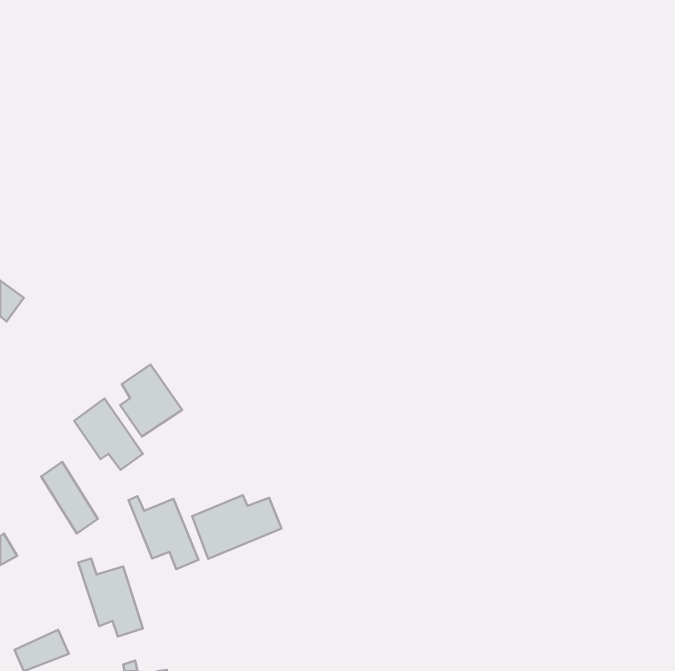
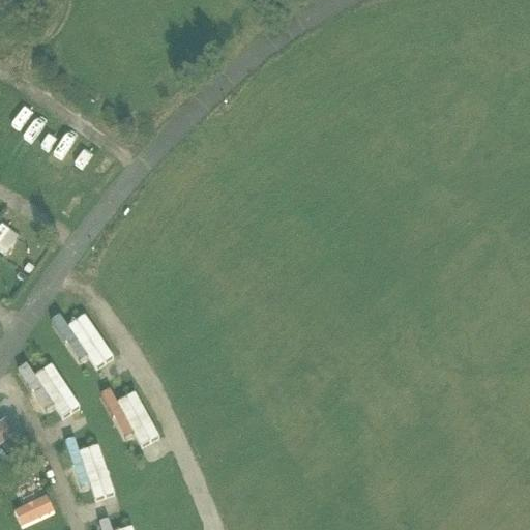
building: [120,364,182,436] -> none
building: [192,495,282,559] -> none

